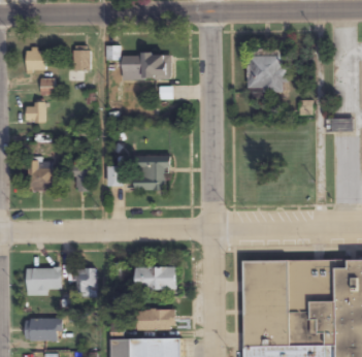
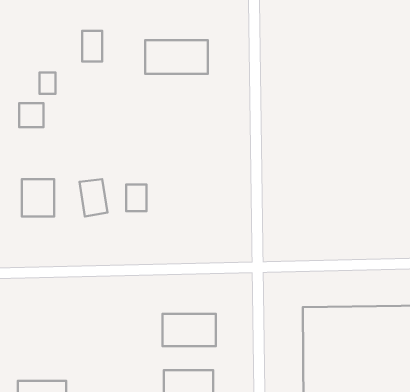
building: [25,51,45,70] -> none
building: [246,54,284,91] -> none
building: [134,155,167,190] -> none
building: [25,267,61,291] -> none
building: [74,267,95,296] -> none

